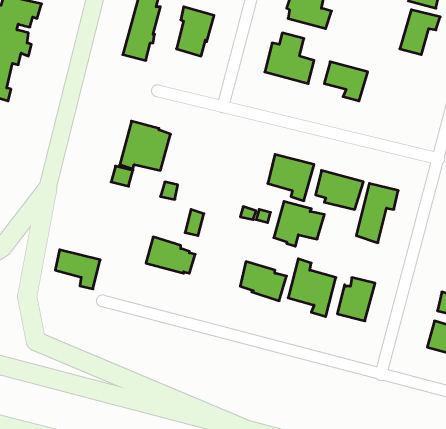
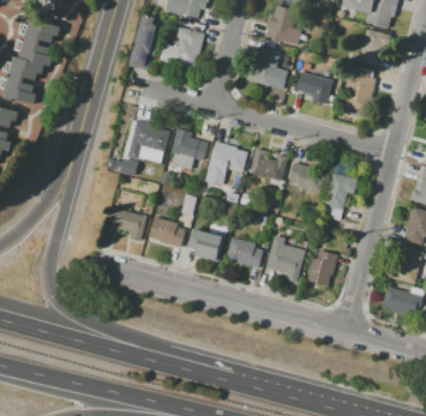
building: none -> [344,72,373,113]
building: none -> [169,127,206,170]
building: [274,201,324,246] -> [205,141,247,179]
building: [55,250,100,289] -> [109,209,146,241]
building: none -> [188,229,224,261]

